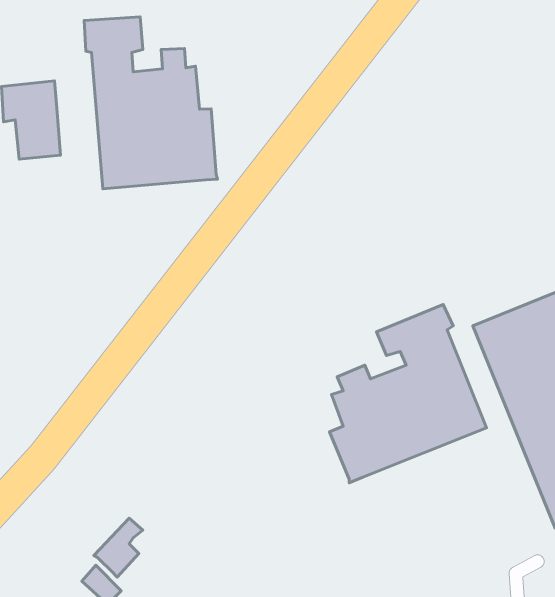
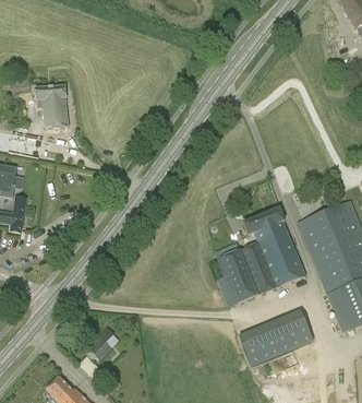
building: [84,17,218,189] -> none
building: none -> [239,309,313,366]

